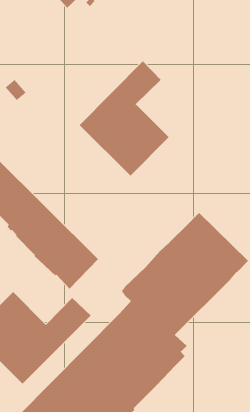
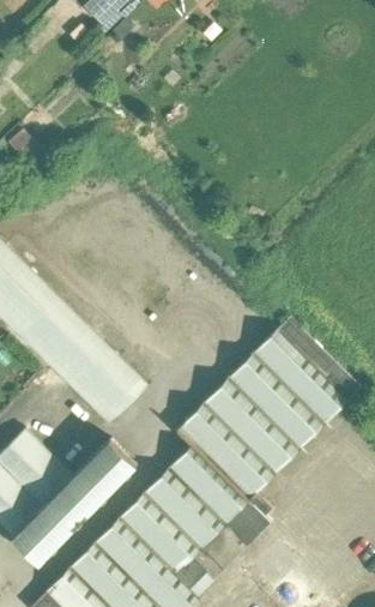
building: [79,61,170,176] -> none

